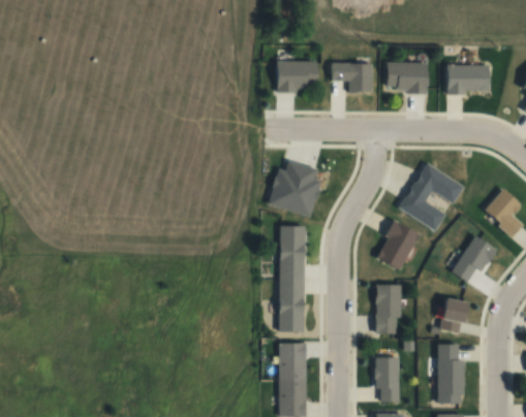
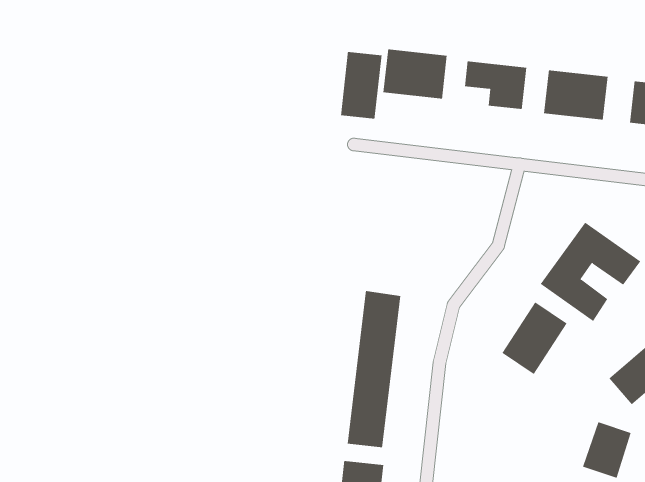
building: none -> [340,51,382,120]
building: [268,160,321,218] -> none
building: [375,284,401,333] -> none

